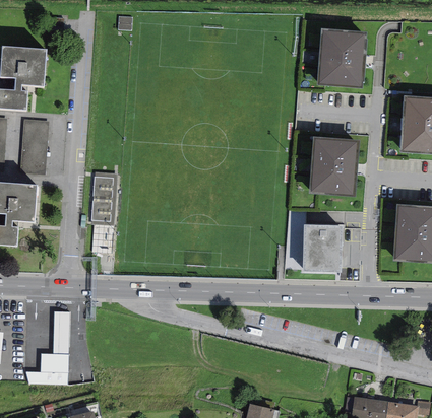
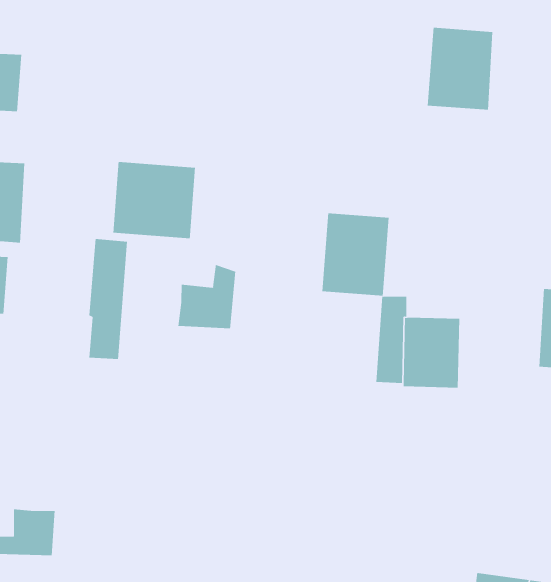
building: none -> [113,161,195,239]
building: [311,138,357,194] -> [322,213,390,296]
building: none -> [178,264,236,329]
building: [53,311,70,354] -> none

